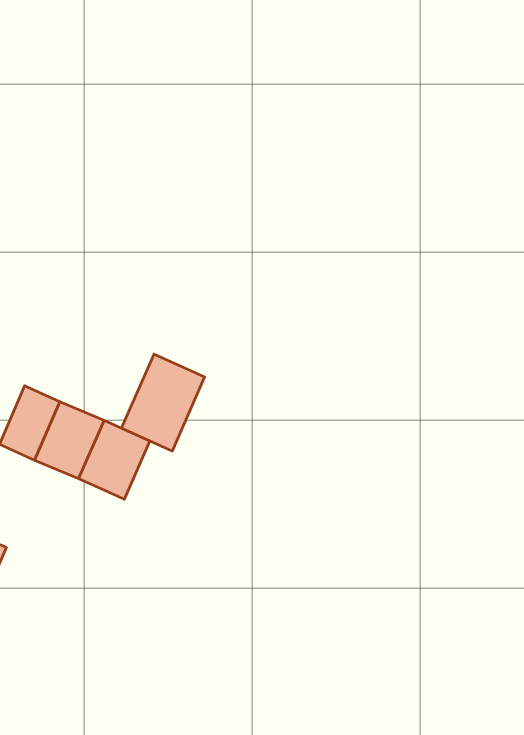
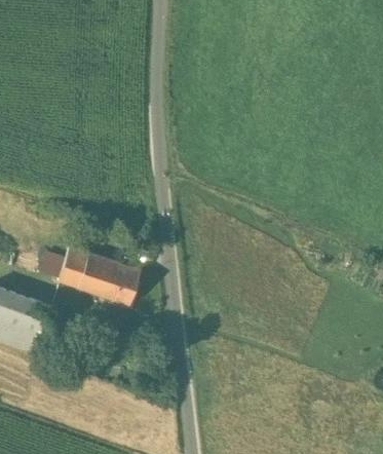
building: [122,354,205,451] -> none

